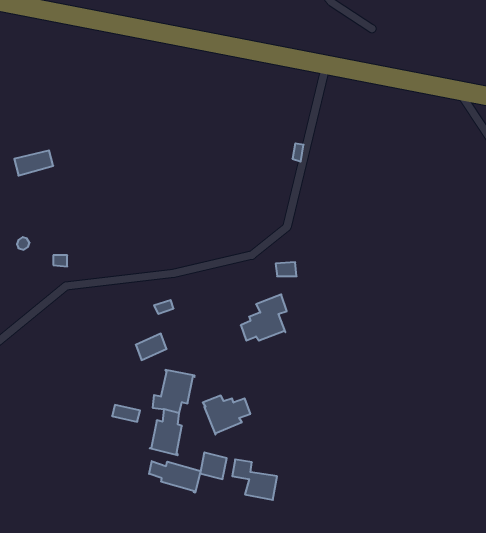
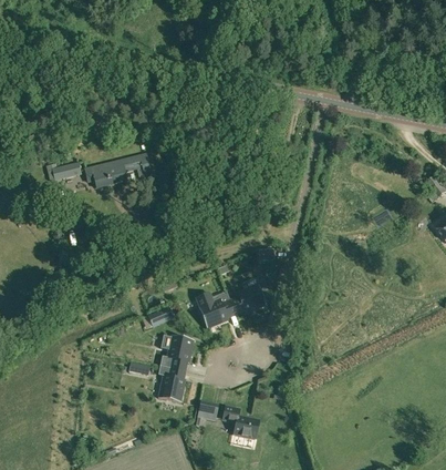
building: none -> [84,152,152,186]
building: [203,396,250,435] -> [197,297,235,328]
building: [149,461,201,493] -> none

